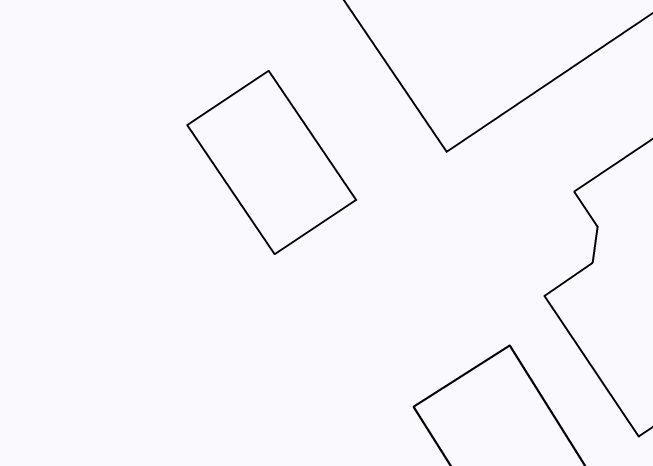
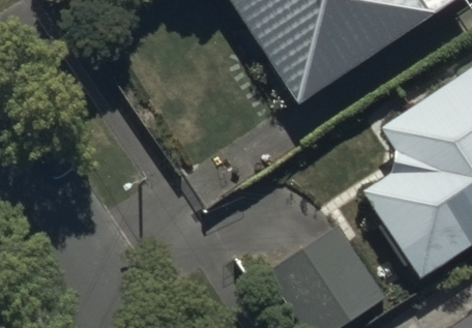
building: [187,71,356,254] -> none

